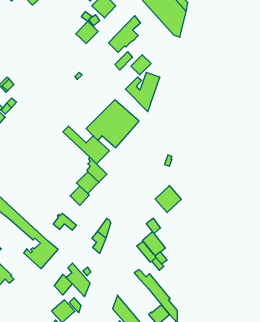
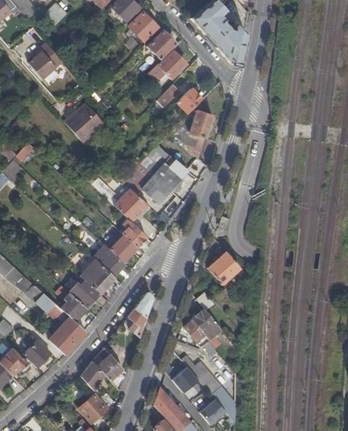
building: none -> [30,46,62,79]
building: [76,21,98,44] -> [147,31,175,59]
building: none -> [63,103,104,142]
building: none -> [83,259,114,293]
building: none -> [56,286,87,321]
building: none -> [22,336,50,368]
building: none -> [172,366,199,392]

